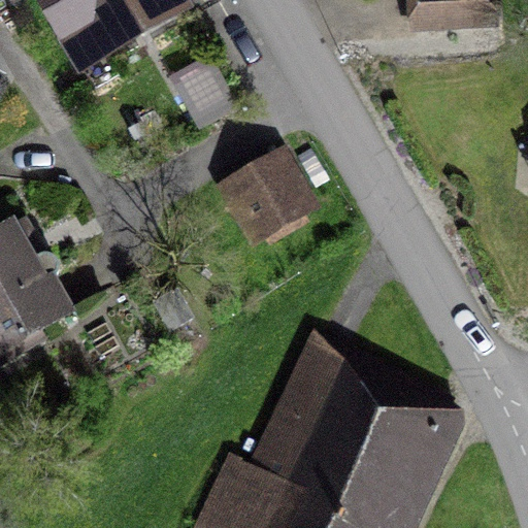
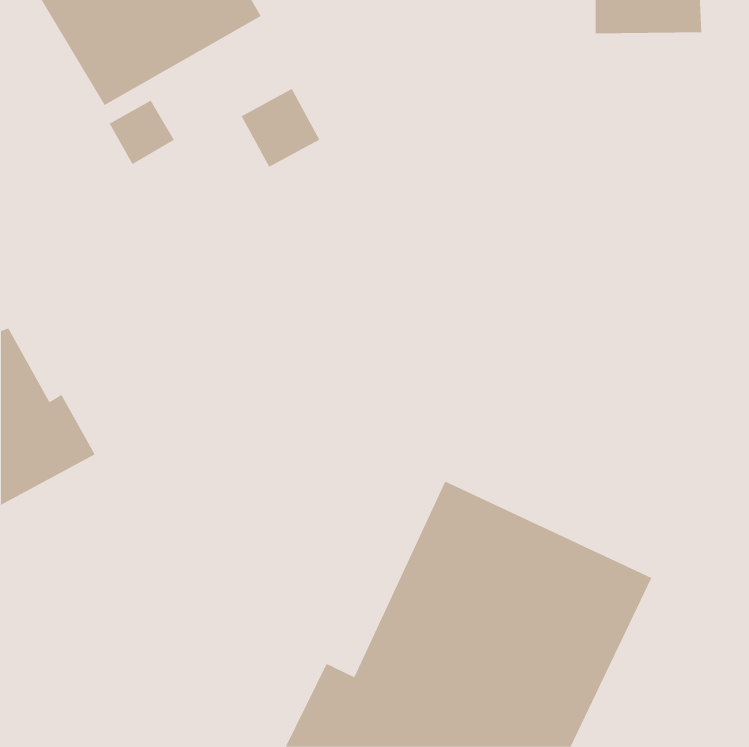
building: [219,156,311,242] -> none

